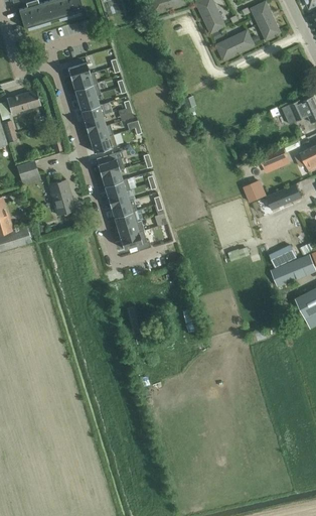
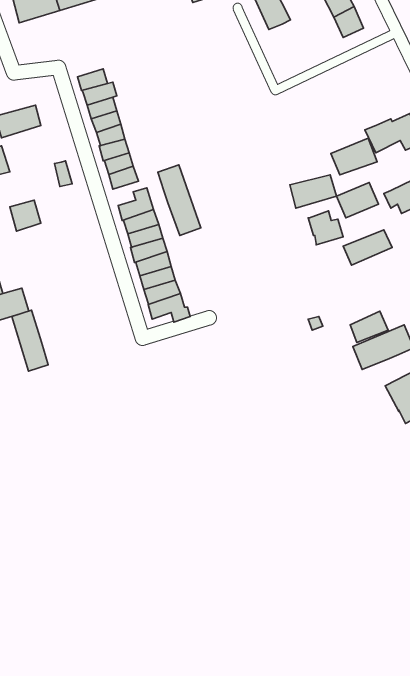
building: [215,29,254,59] -> none
building: none -> [331,138,377,175]
building: none -> [158,165,201,236]
building: none -> [290,175,336,208]
building: [49,179,74,215] -> none
building: none -> [12,310,48,371]

